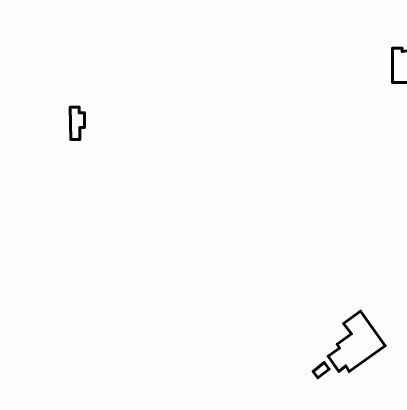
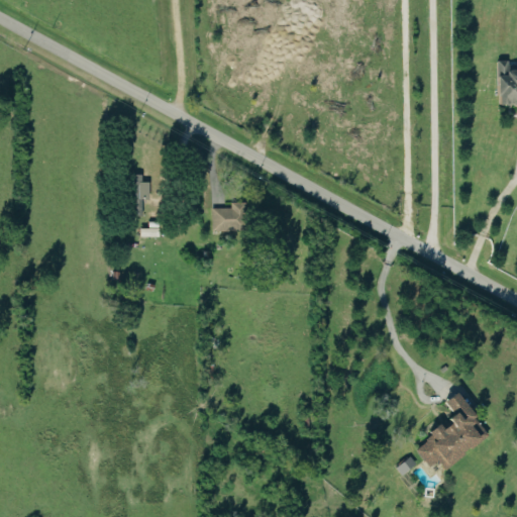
building: [70,107,85,139] -> [133,175,151,215]
building: none -> [215,202,246,231]

